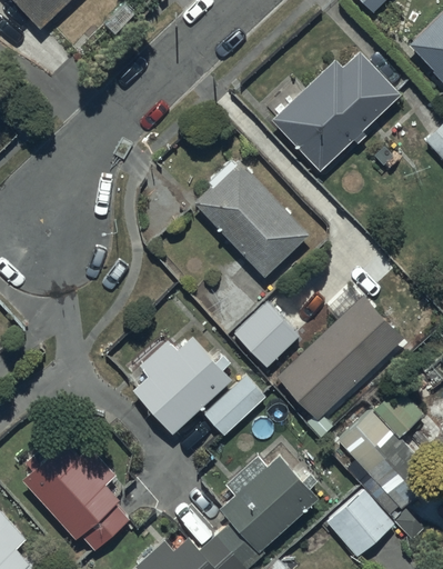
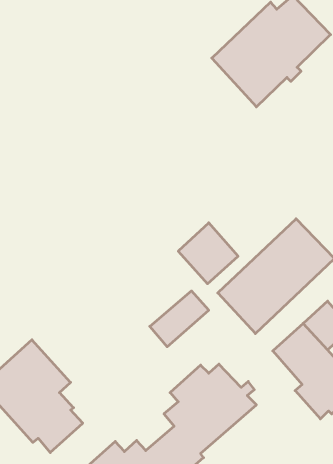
building: [194,159,310,278] -> none
building: [132,338,233,436] -> none
building: [326,489,394,557] -> none

